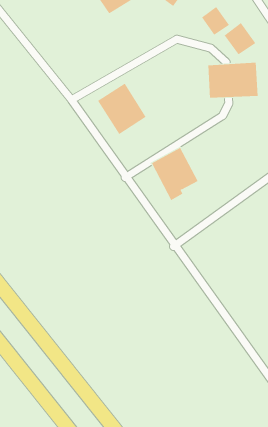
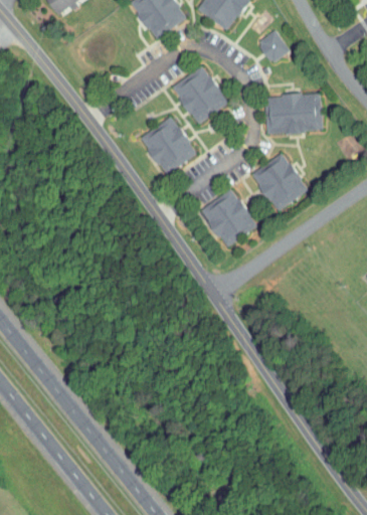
building: [224,22,256,55] -> none
building: none -> [172,65,229,124]
building: none -> [251,152,309,211]

